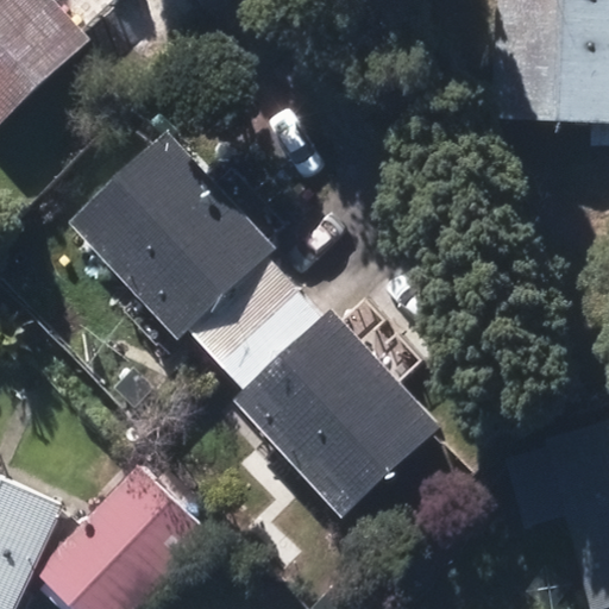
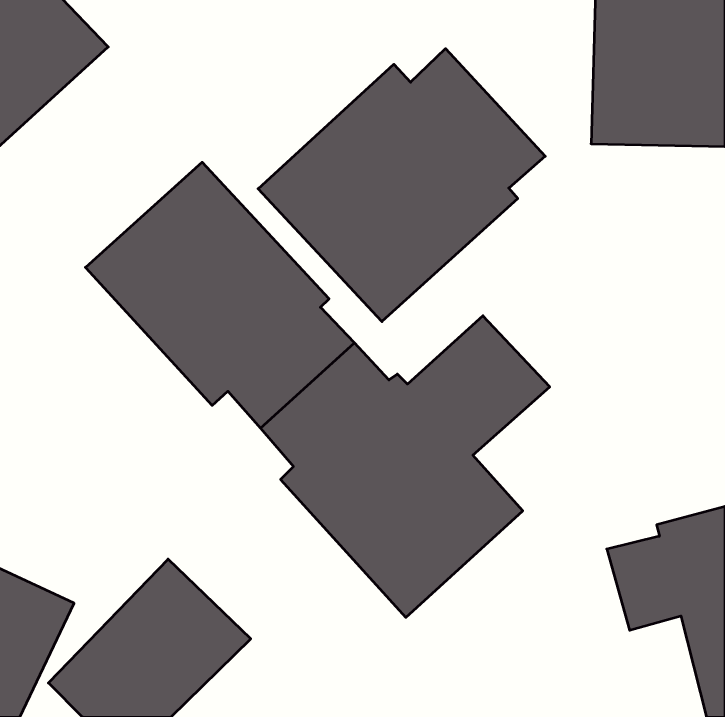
building: none -> [258,49,545,322]

